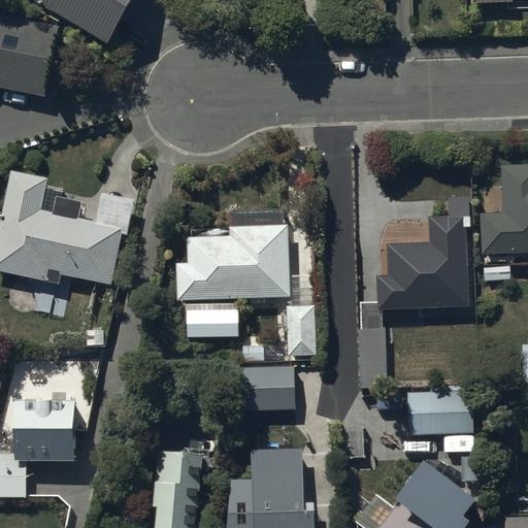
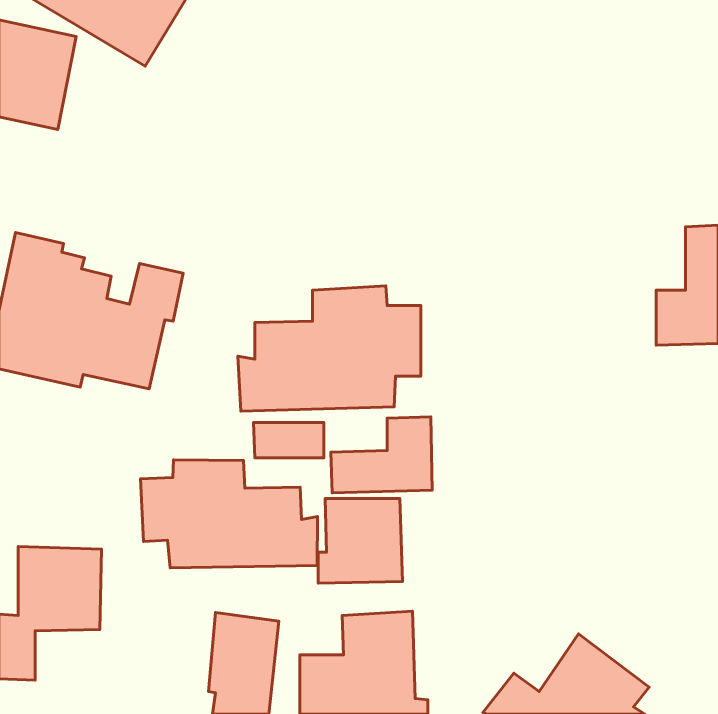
building: [361,196,469,388] -> none
building: none -> [141,460,318,568]
building: [408,391,477,453] -> none

